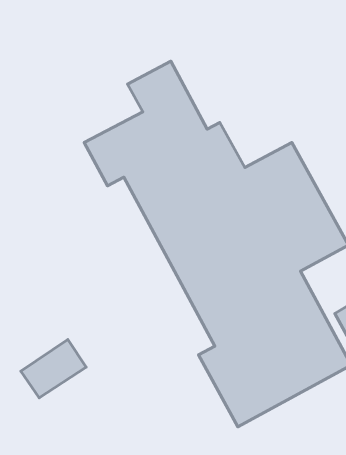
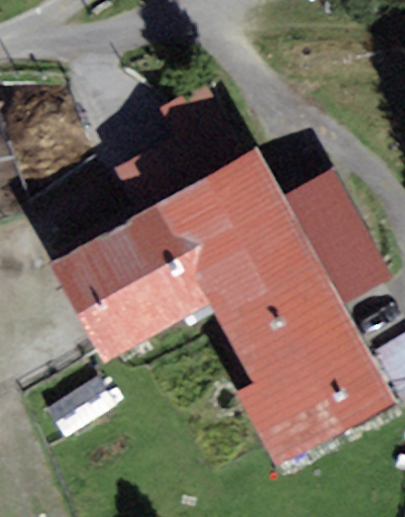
building: none -> [50,205,209,360]

